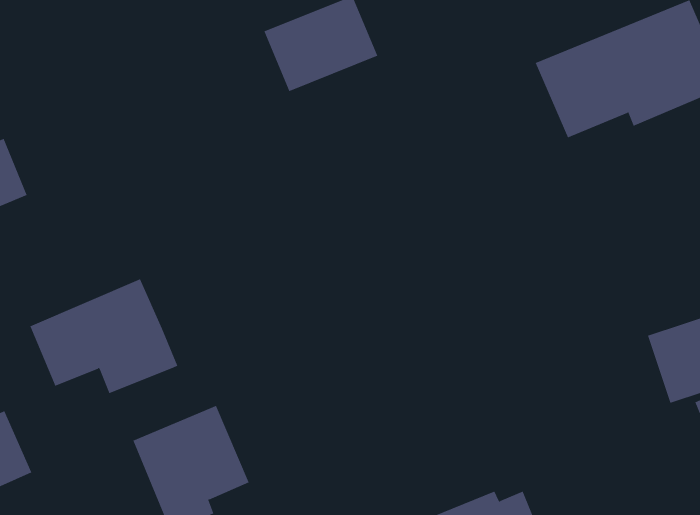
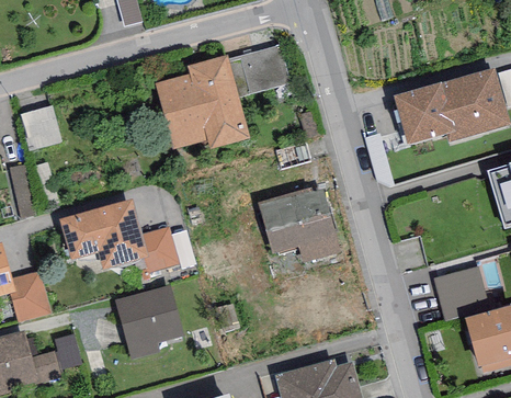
building: none -> [154,56,249,149]
building: none -> [269,192,341,264]
building: none -> [141,225,179,271]

